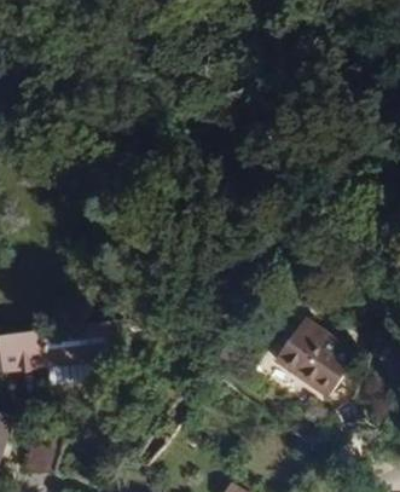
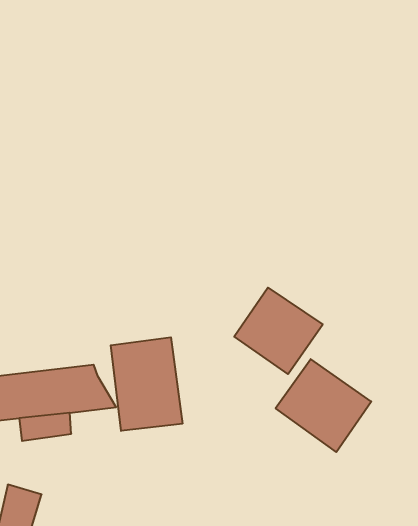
building: none -> [234,288,323,374]
building: none -> [111,337,182,431]

